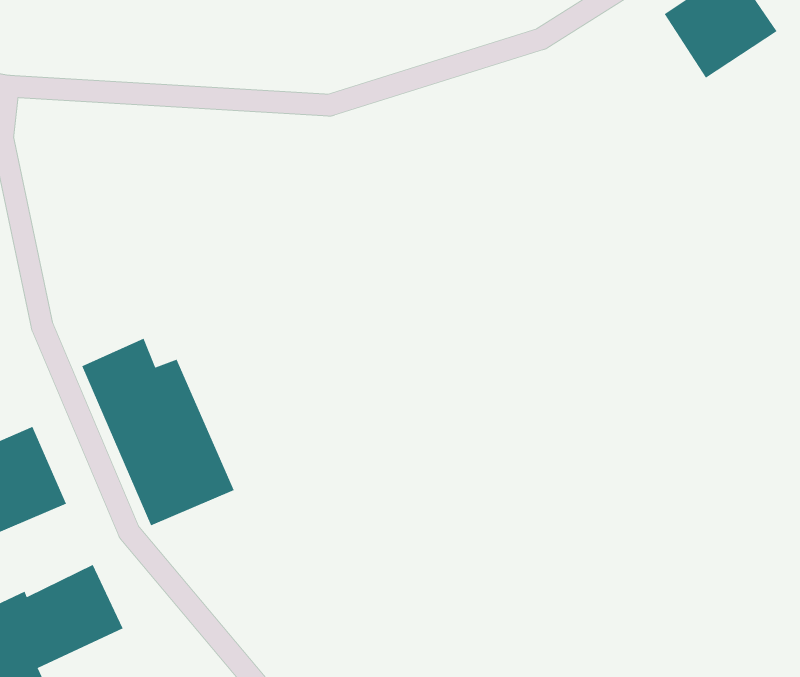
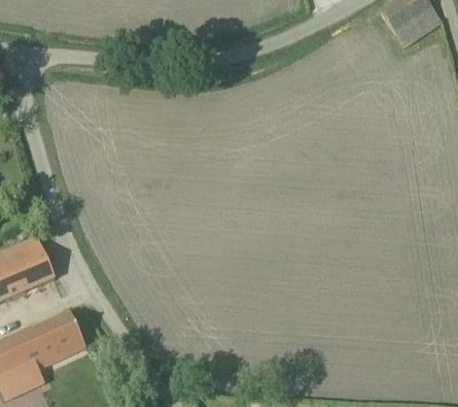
building: [81,338,235,526] -> none

